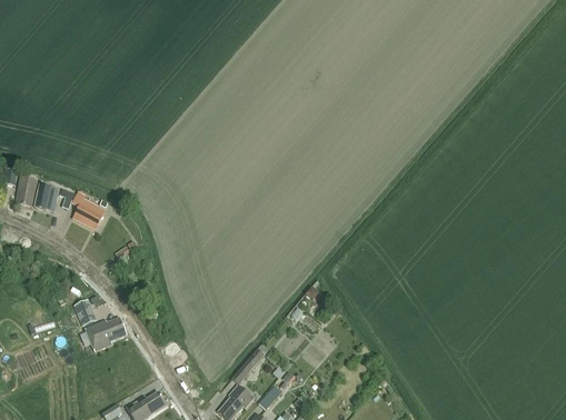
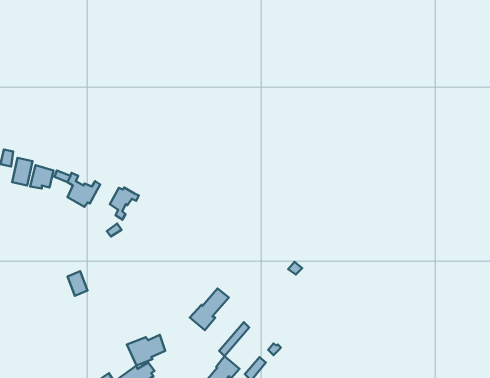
building: none -> [110,187,139,220]
building: none -> [190,288,229,330]
building: [86,318,126,350] -> [127,335,165,366]

